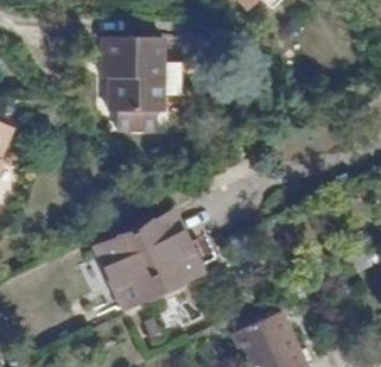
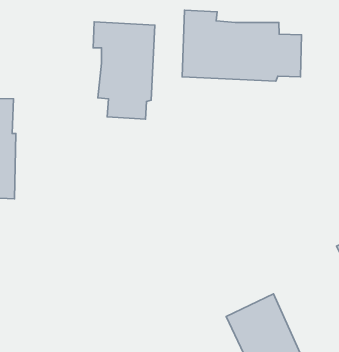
building: none -> [182,10,302,81]
building: [88,211,207,305] -> none

